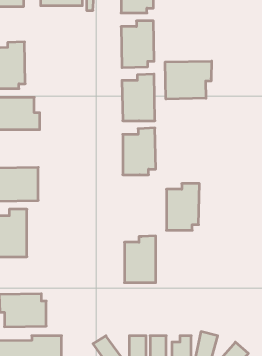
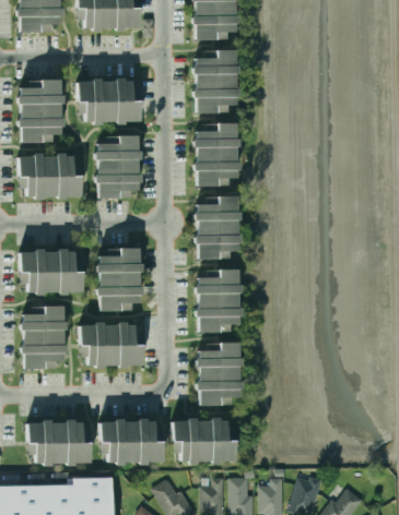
building: none -> [78,79,142,123]
building: [165,61,212,99] -> none
building: none -> [96,134,141,199]
building: none -> [98,248,142,311]
building: [166,184,199,230] -> [197,270,242,333]
building: none -> [80,323,143,368]
building: none -> [101,419,162,465]
building: none -> [173,419,237,464]

